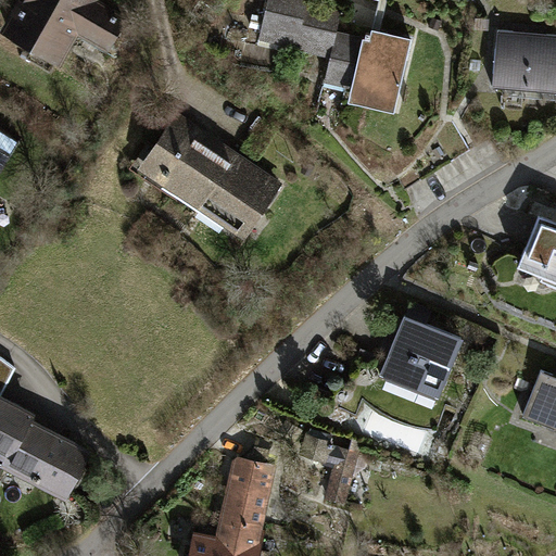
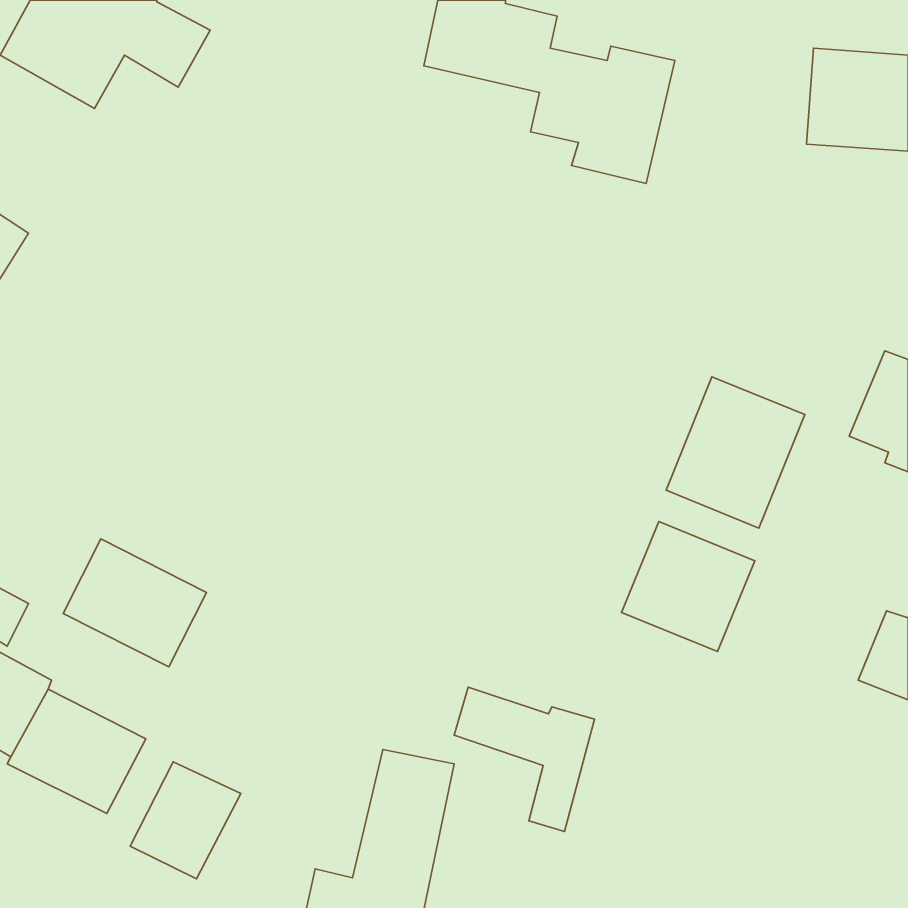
building: [136,111,285,244] -> none
building: none -> [666,377,805,528]
building: none -> [63,539,207,667]
building: none -> [130,762,241,879]

